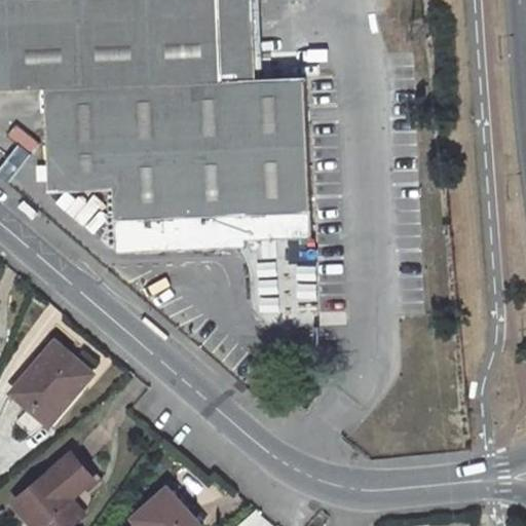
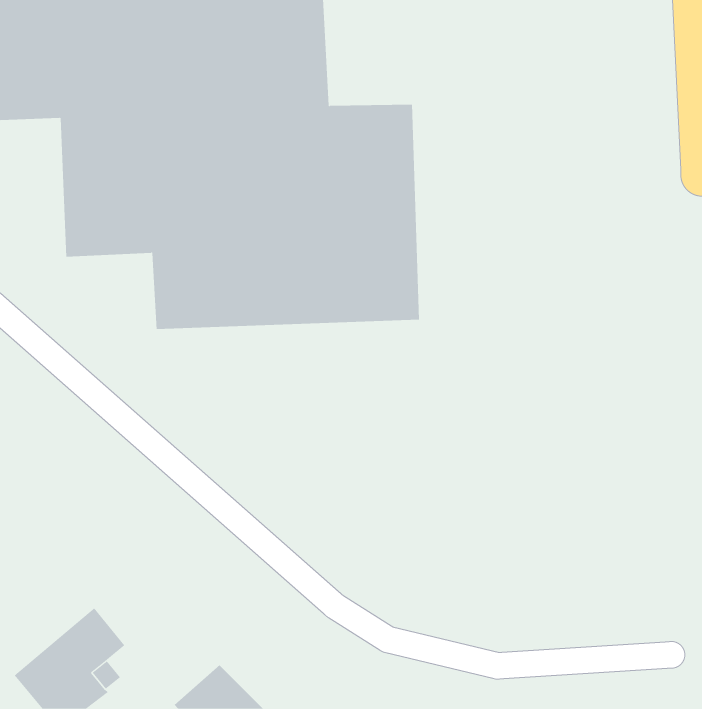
building: [8,343,91,425] -> none

